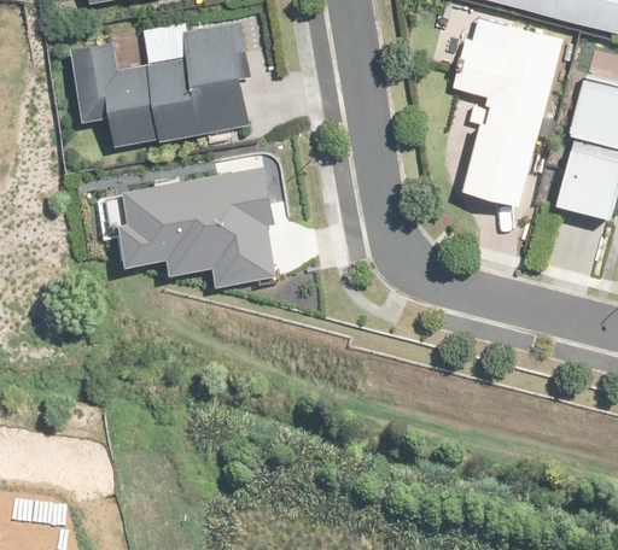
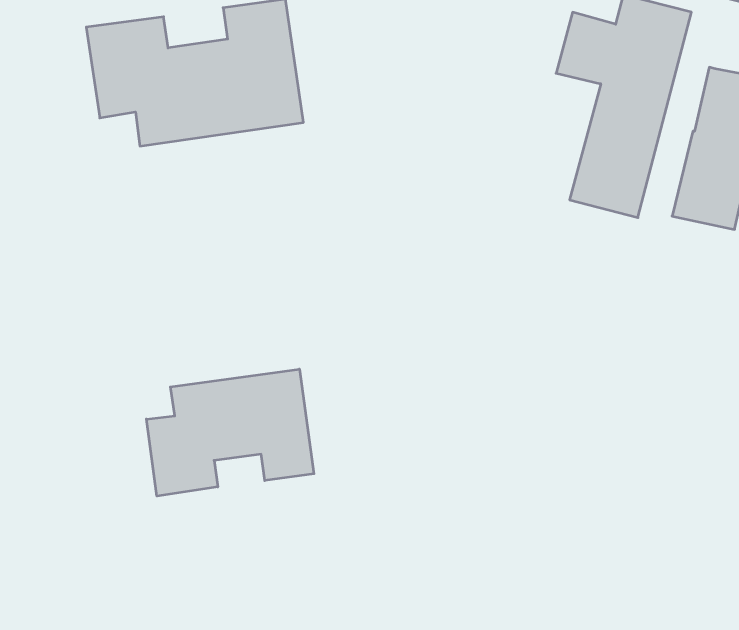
building: [111,172,269,283] -> none
building: none -> [146,369,314,496]

